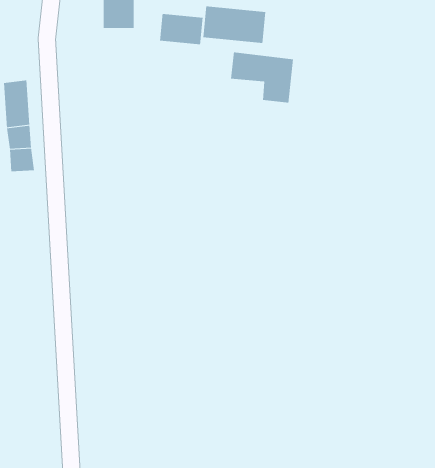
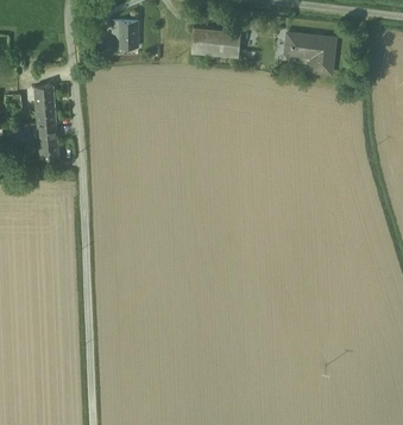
building: [160,13,203,45] -> none
building: [230,52,294,103] -> [285,33,335,74]

